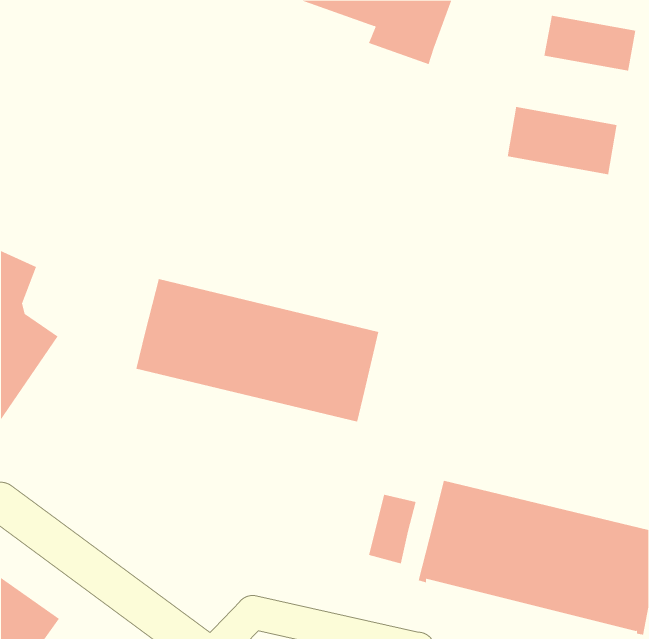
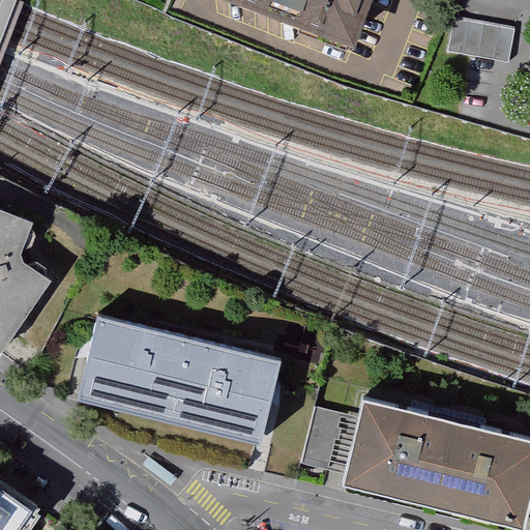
building: [507,106,617,175] -> none
building: [135,279,379,422] -> [79,319,277,436]

